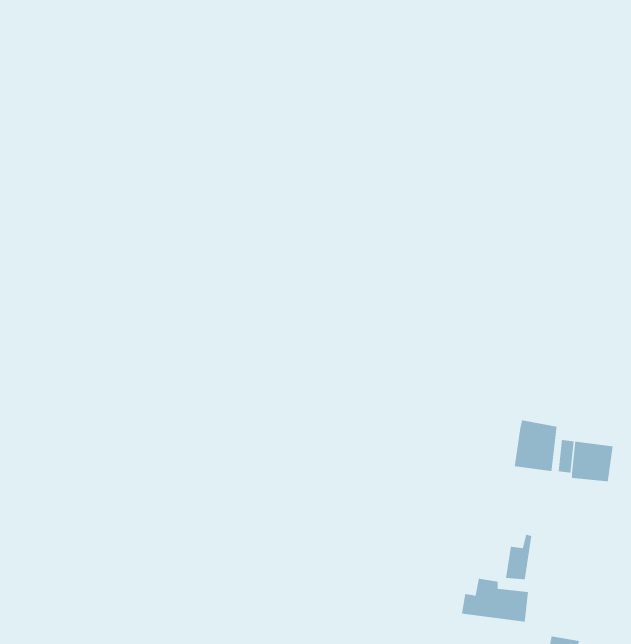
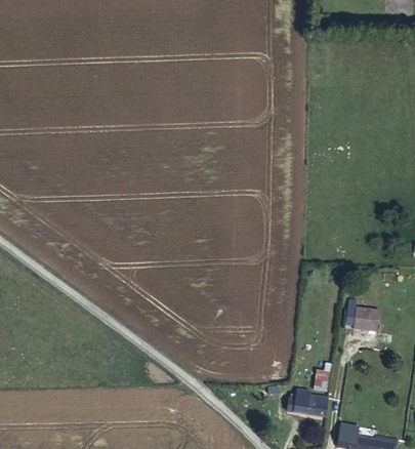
building: [514,420,557,472] -> none

